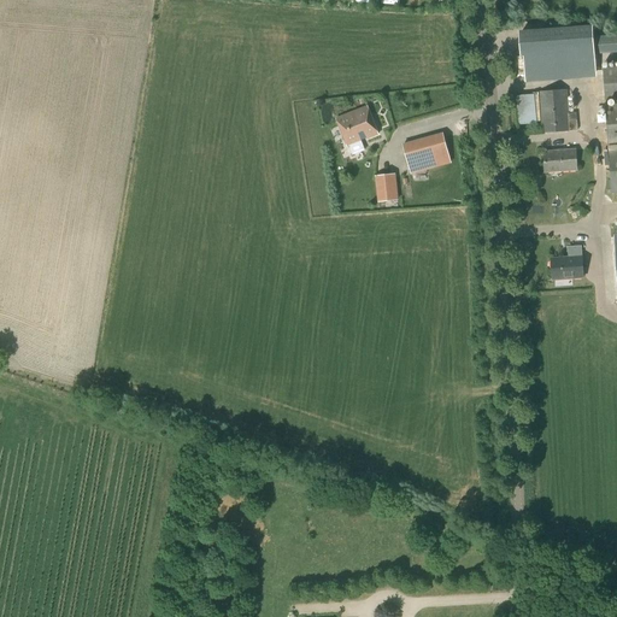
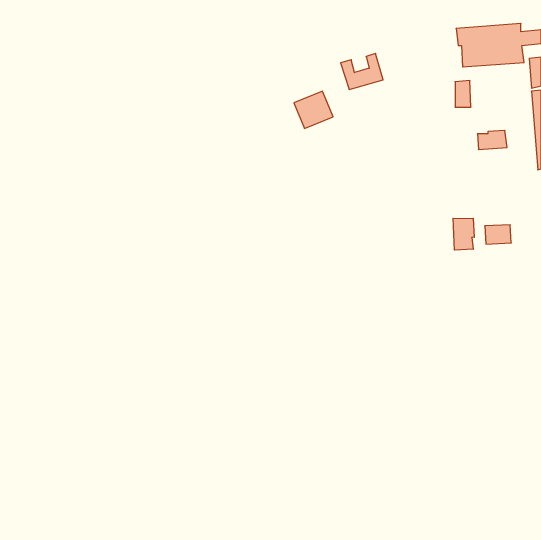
building: [537,88,576,131] -> none
building: [401,131,449,172] -> [341,53,383,89]
building: [374,171,396,200] -> none
building: none -> [453,218,474,250]

